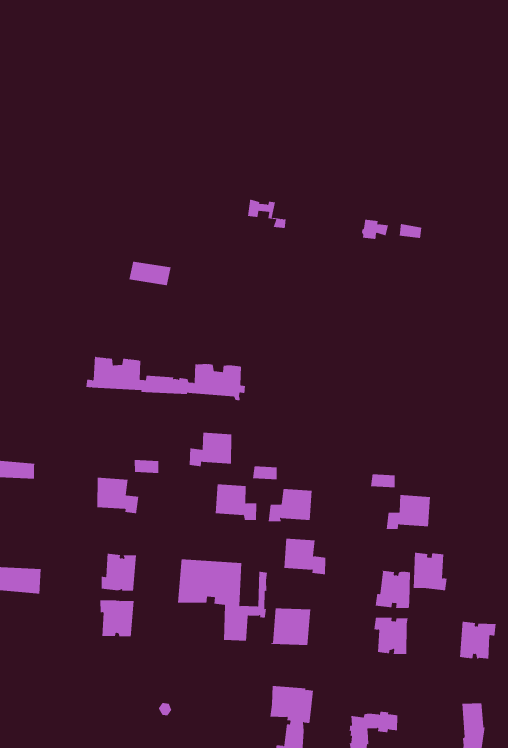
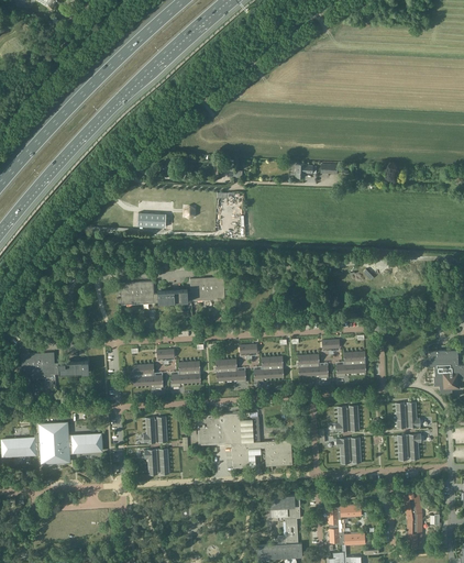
building: [189,432,232,467] -> [170,362,201,387]
building: [284,538,326,575] -> [298,355,329,378]
building: [413,552,447,591] -> [395,402,420,429]

